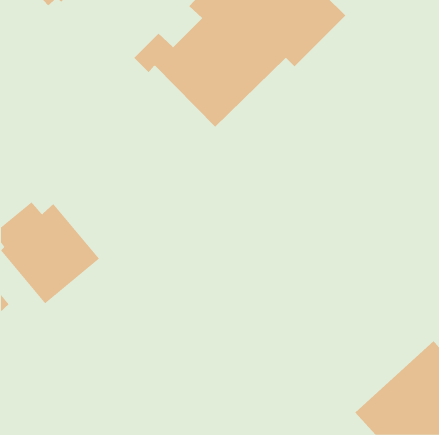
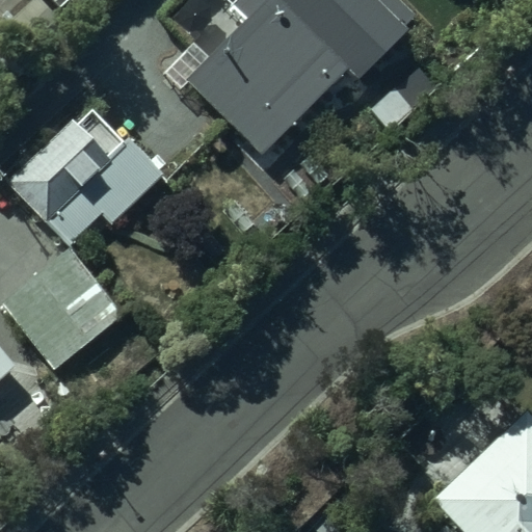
building: none -> [6,109,164,244]

